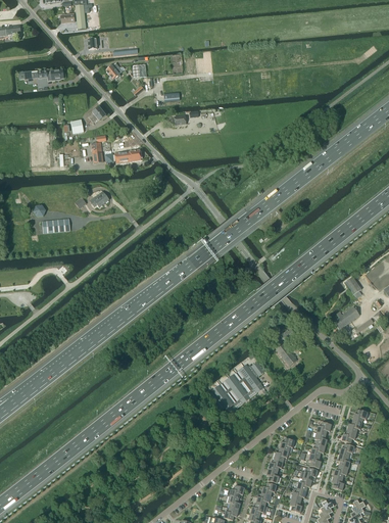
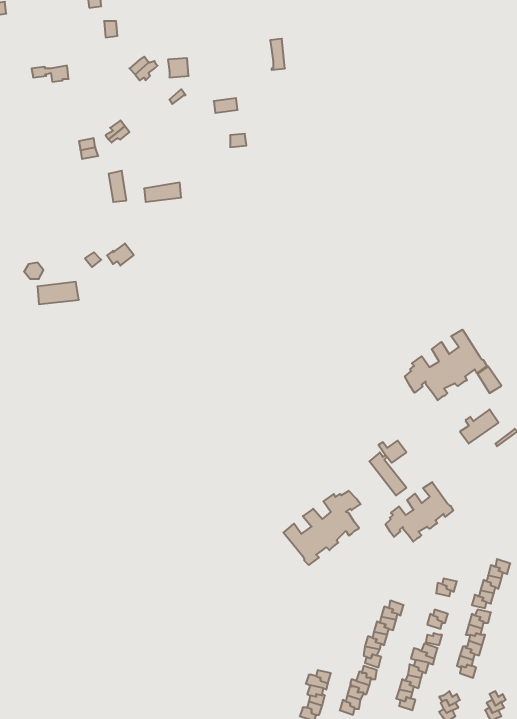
building: none -> [405,330,487,400]
building: none -> [386,482,453,542]

